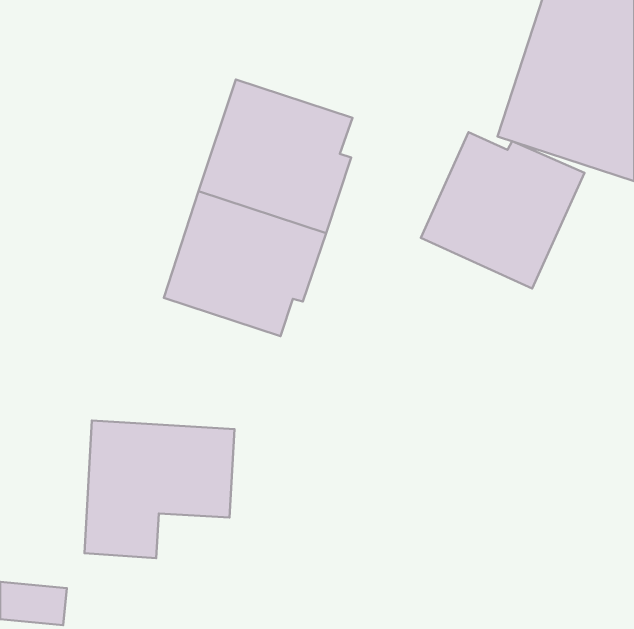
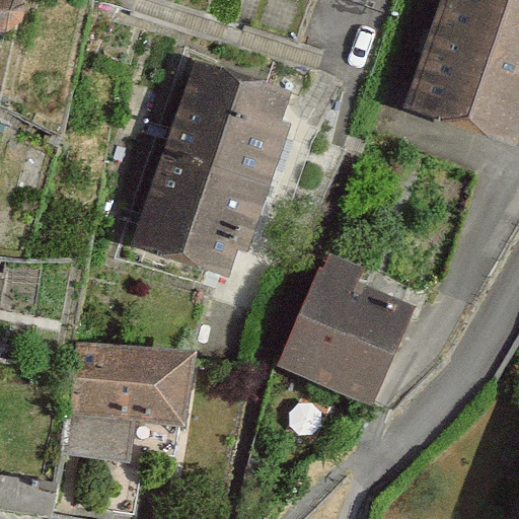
building: [421,132,584,289] -> none
building: none -> [279,255,412,402]

